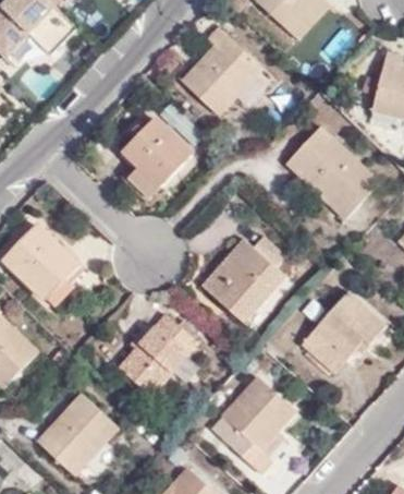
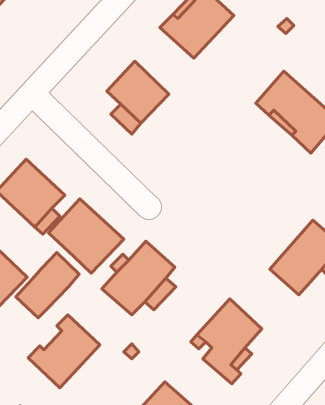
building: [203,237,284,323] -> none
building: none -> [49,199,124,273]
building: none -> [16,252,79,318]

